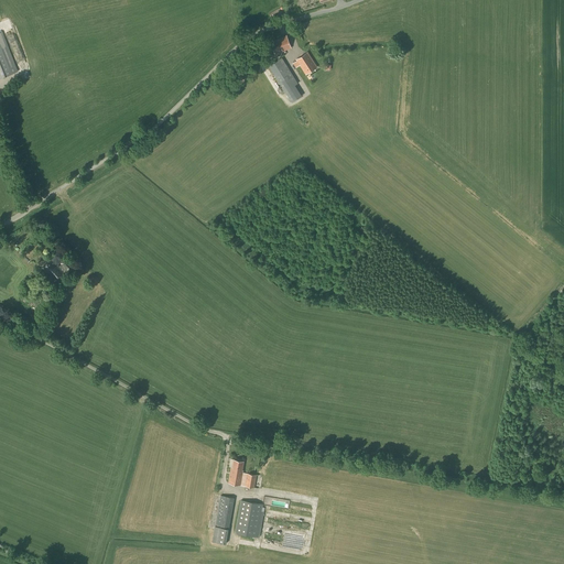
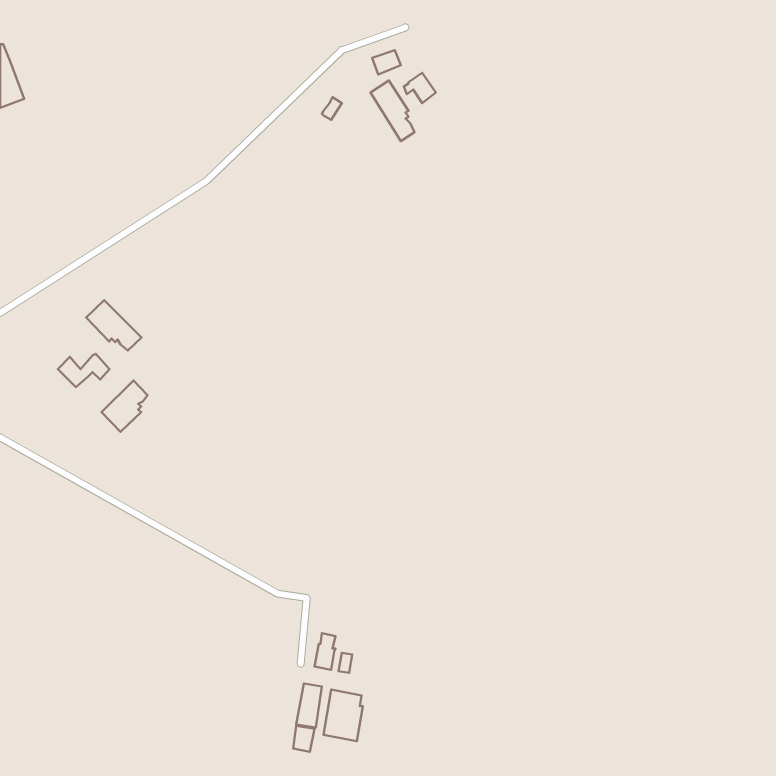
building: none -> [86,300,141,350]
building: none -> [102,380,148,432]

